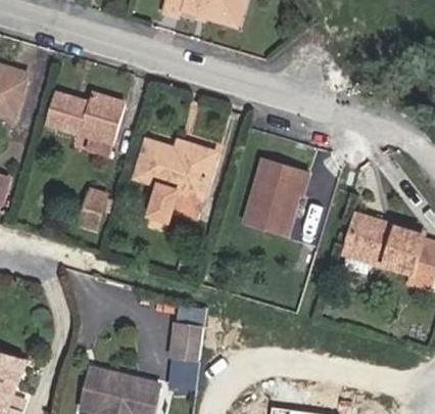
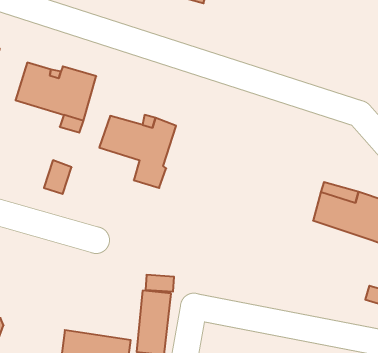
building: [240,158,308,236] -> none

